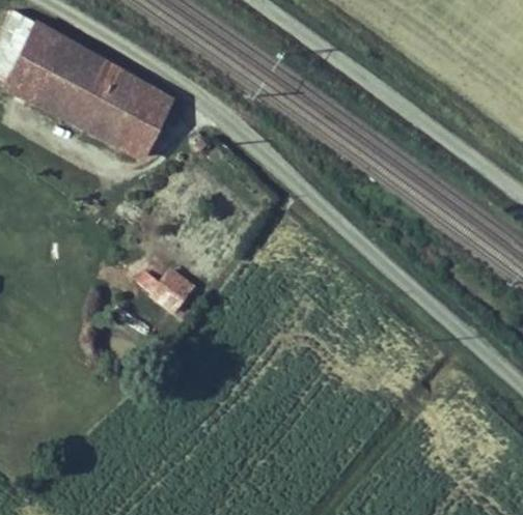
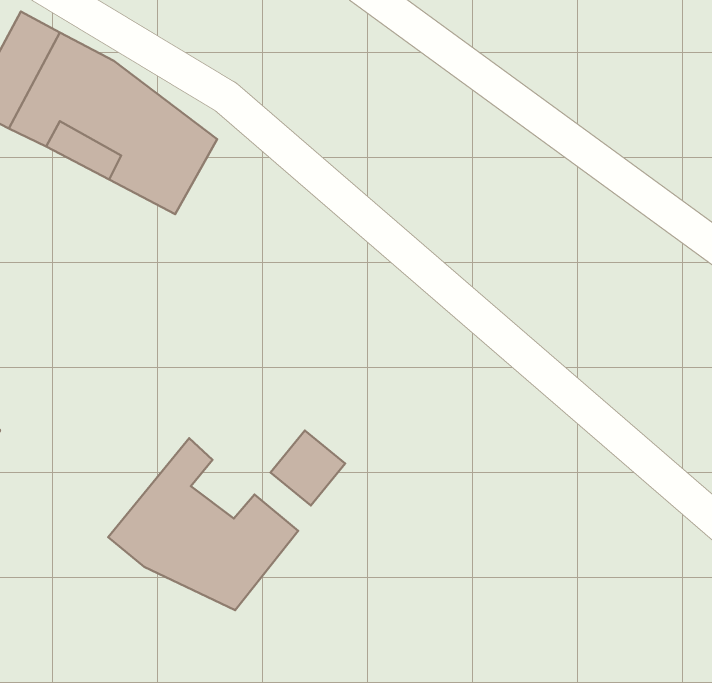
building: [146,267,198,319] -> [270,430,345,505]
building: none -> [108,438,298,610]

